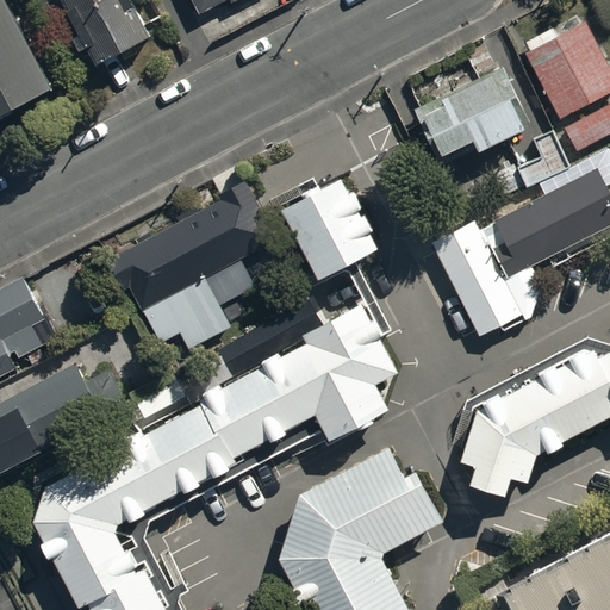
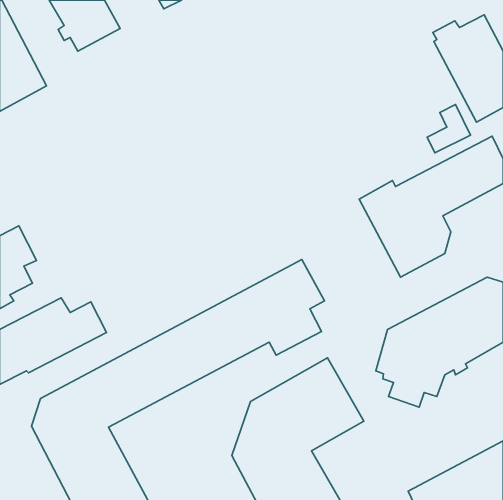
building: [412,52,529,156] -> none
building: [279,173,376,278] -> none
building: [111,182,274,350] -> none

